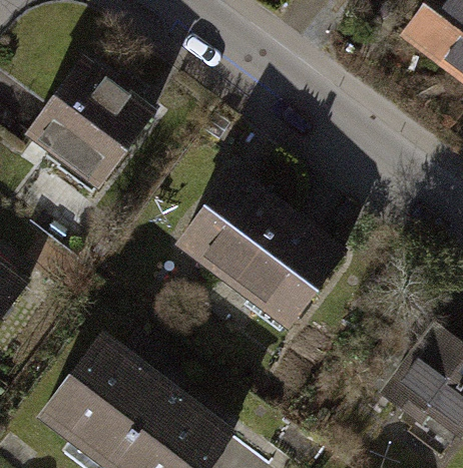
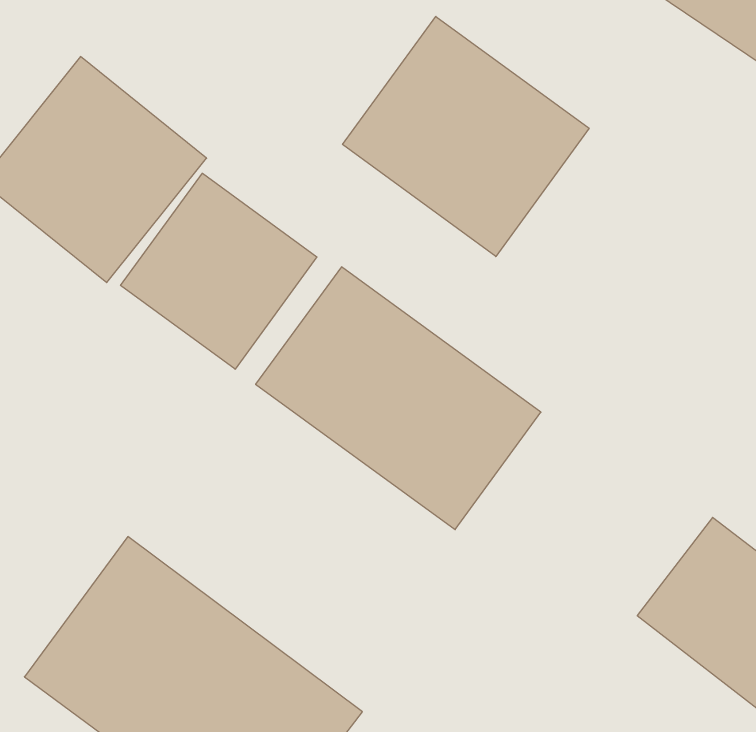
building: none -> [343,16,589,257]
building: none -> [121,173,317,369]

